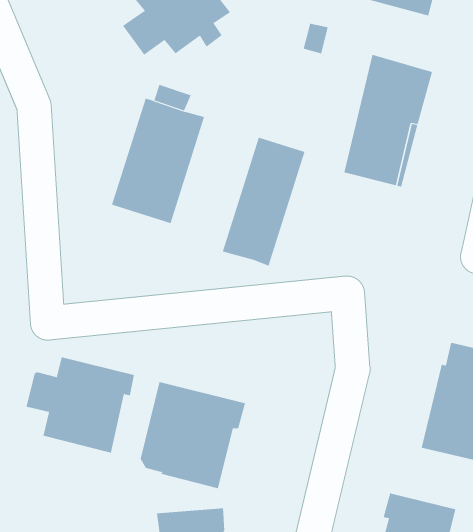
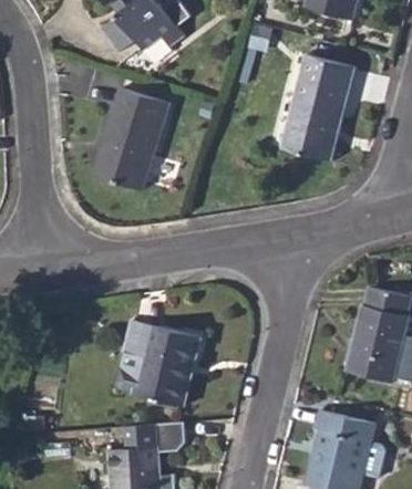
building: [222,137,305,267] -> none
building: [26,356,135,453] -> none

